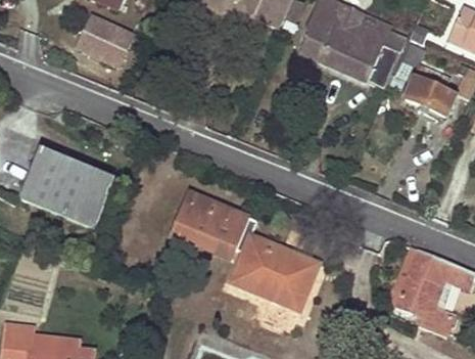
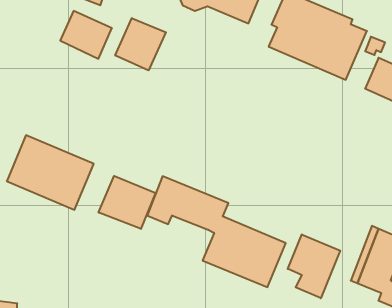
building: none -> [115,18,166,70]
building: none -> [99,176,156,229]
building: none -> [288,234,340,298]

